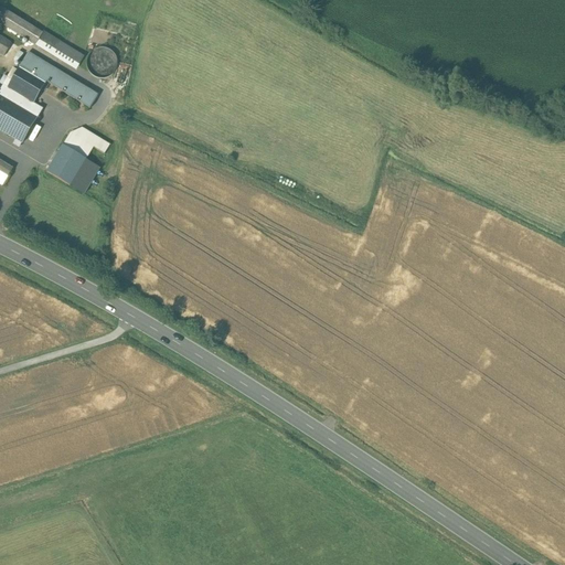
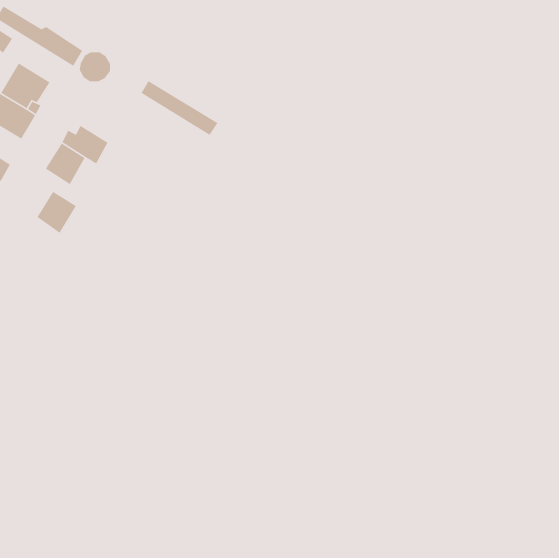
building: [19,50,97,106] -> [141,80,218,136]
building: none -> [36,191,77,234]

